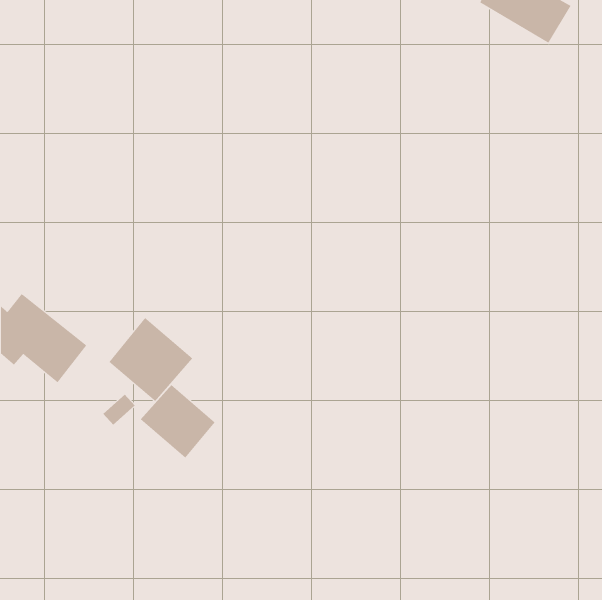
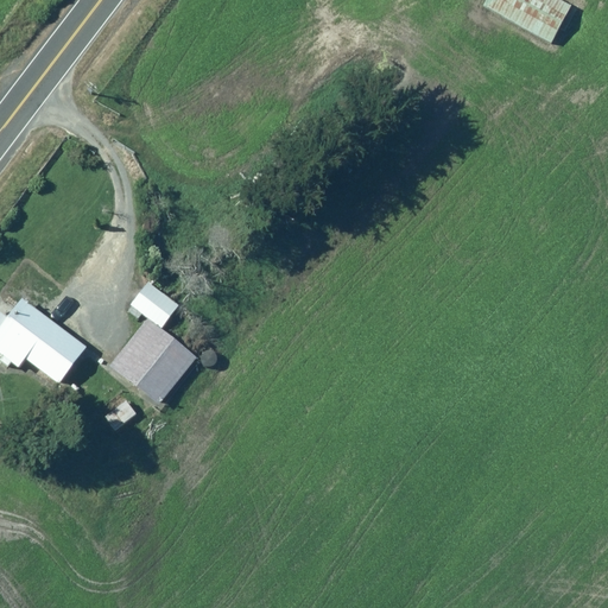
building: none -> [128,279,179,329]
building: [140,384,216,458] -> none

